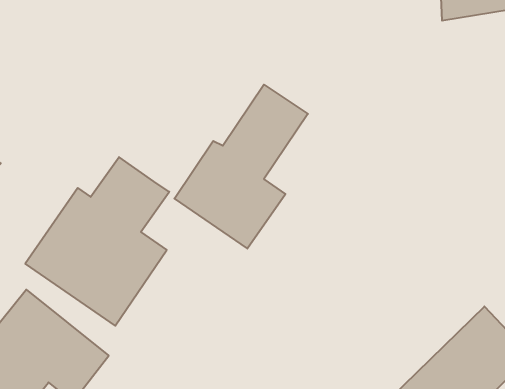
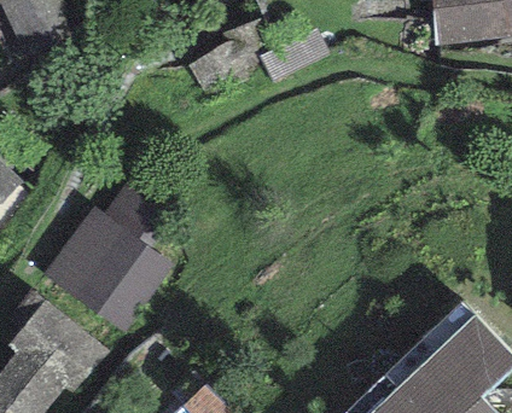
building: [174,85,308,249] -> none

